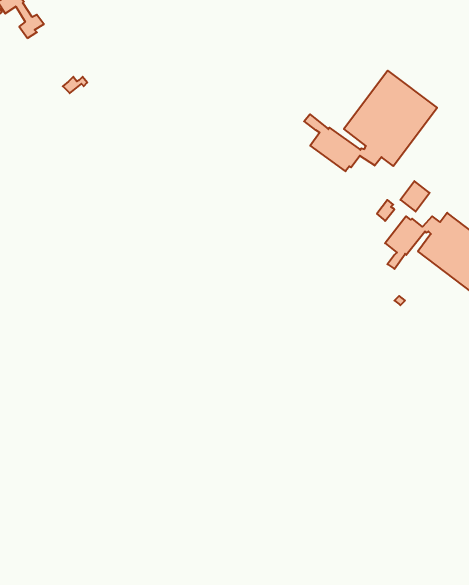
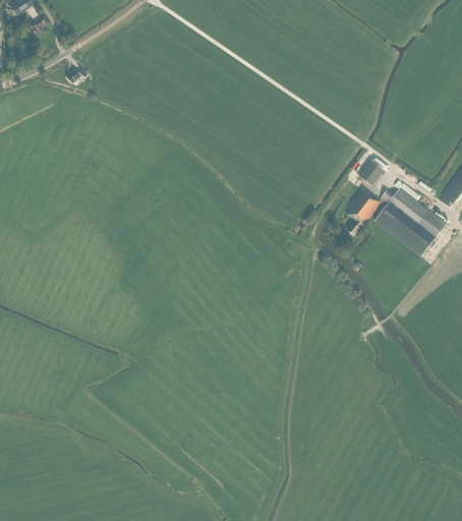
building: [304,71,437,171] -> none

